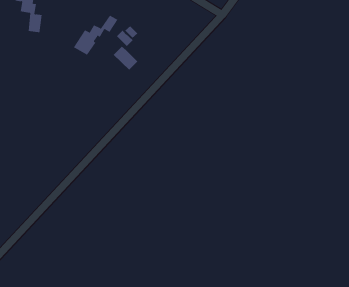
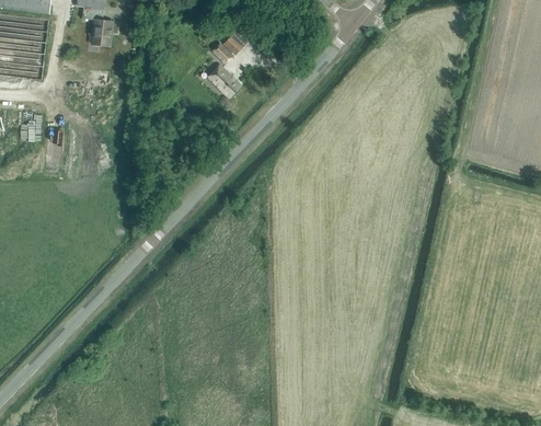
building: [73,15,118,55] -> none

